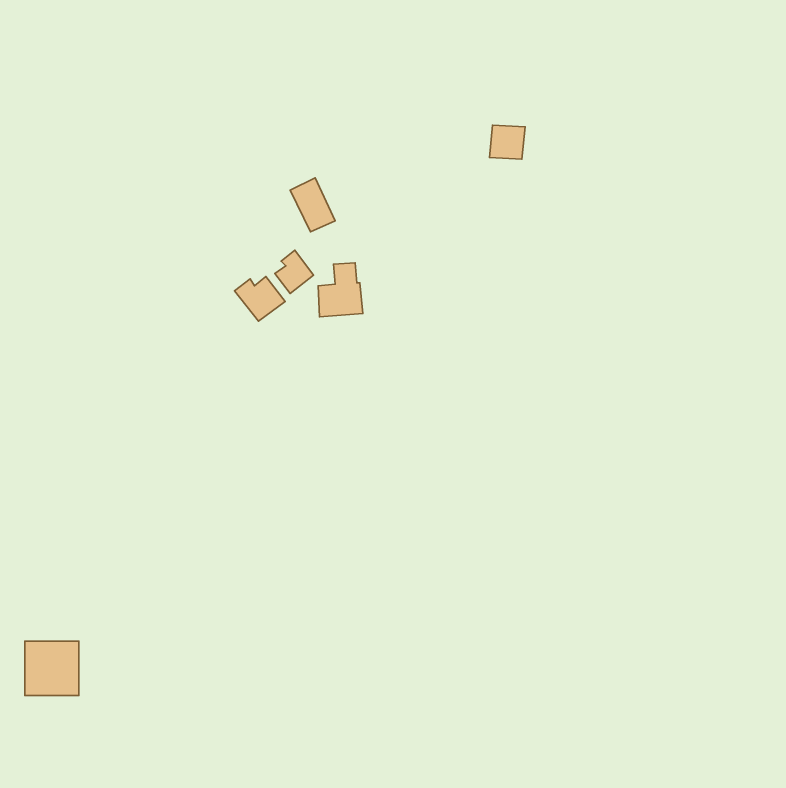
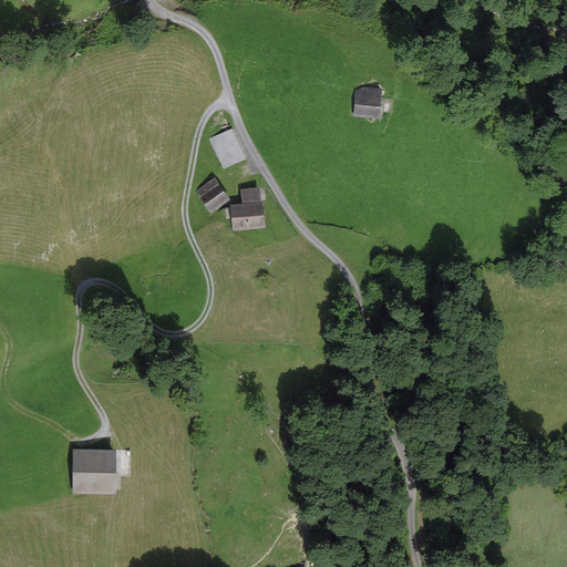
building: [235,276,285,321] -> none
building: [25,641,79,695] -> [75,451,114,489]

